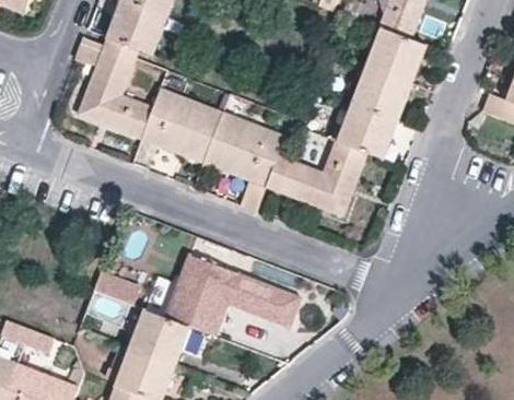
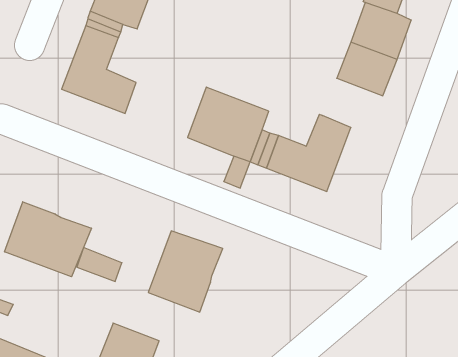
building: [141,89,222,162] -> none
building: [338,103,398,158] -> none
building: none -> [5,202,91,277]
building: [227,272,302,323] -> none
building: [129,308,189,364] -> none

